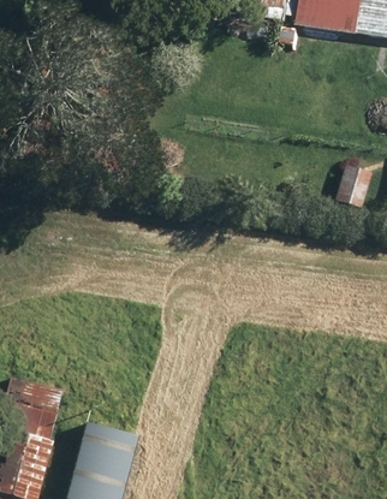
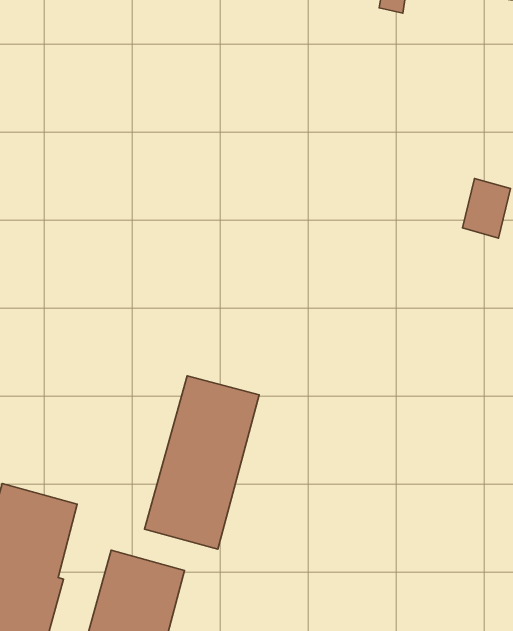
building: none -> [144,376,259,549]

